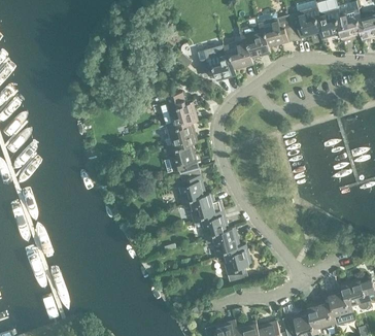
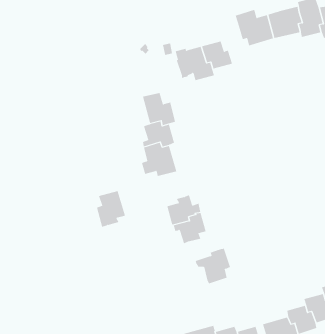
building: [239,24,271,58] -> none
building: [177,169,206,205] -> [96,191,126,228]
building: [210,226,240,257] -> none

